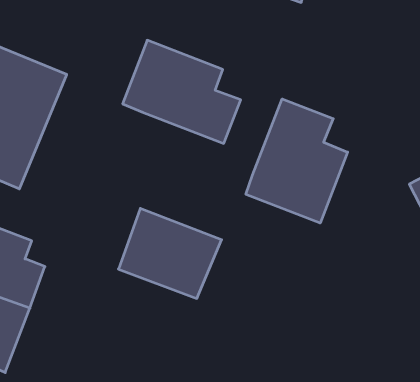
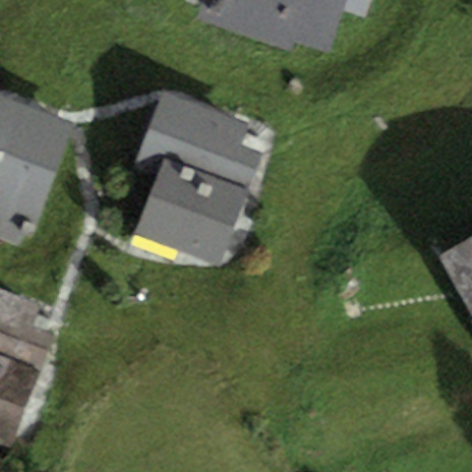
building: [246,99,348,223] -> none
building: [118,208,222,298] -> [134,169,245,265]

